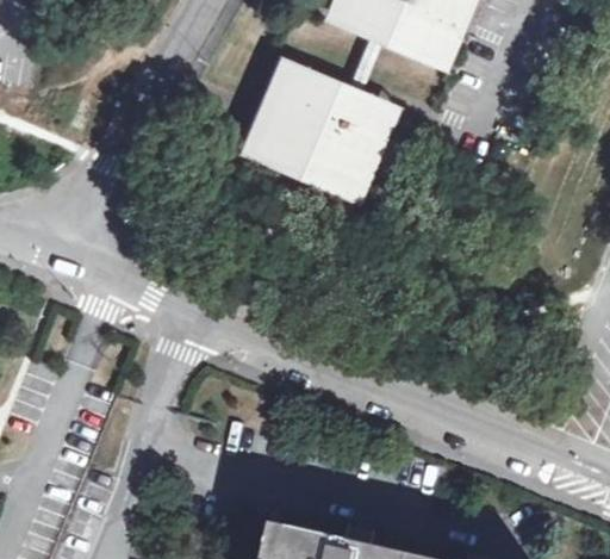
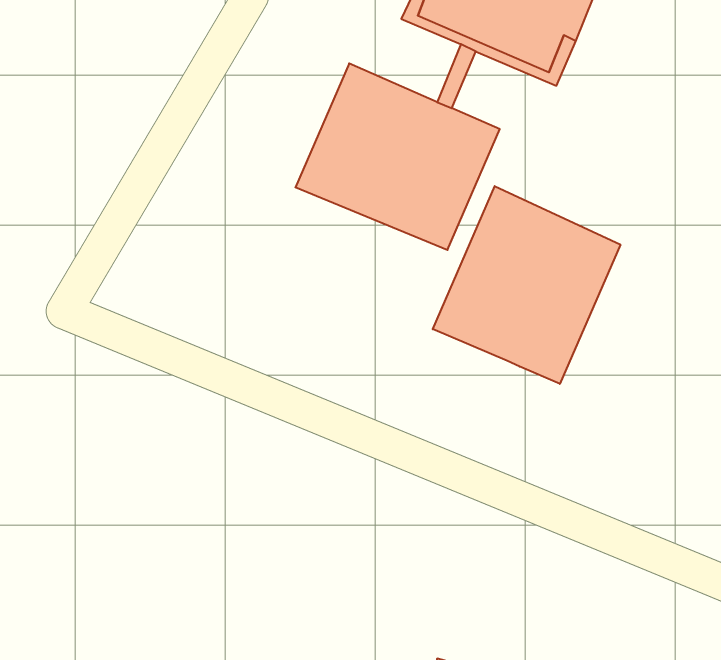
building: none -> [433,186,620,384]

